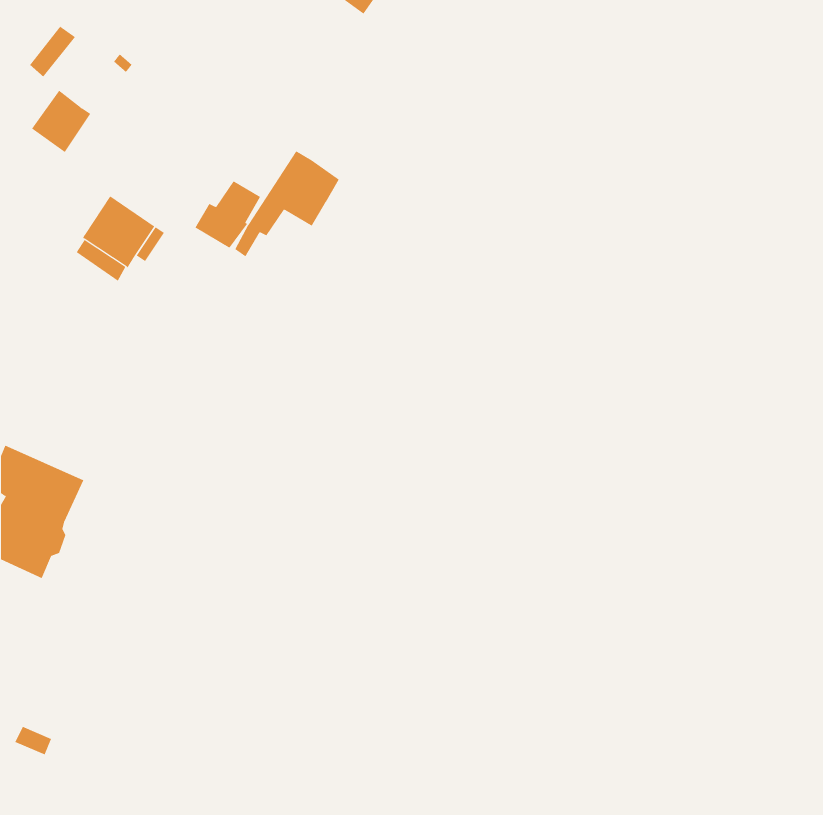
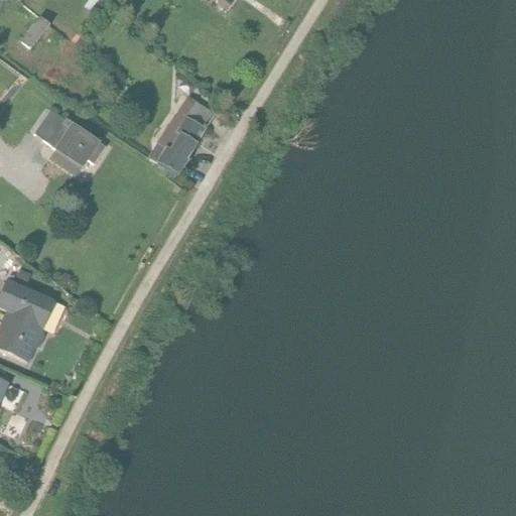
building: [31,90,91,153] -> [33,107,71,146]
building: [194,181,261,248] -> [155,131,197,173]

